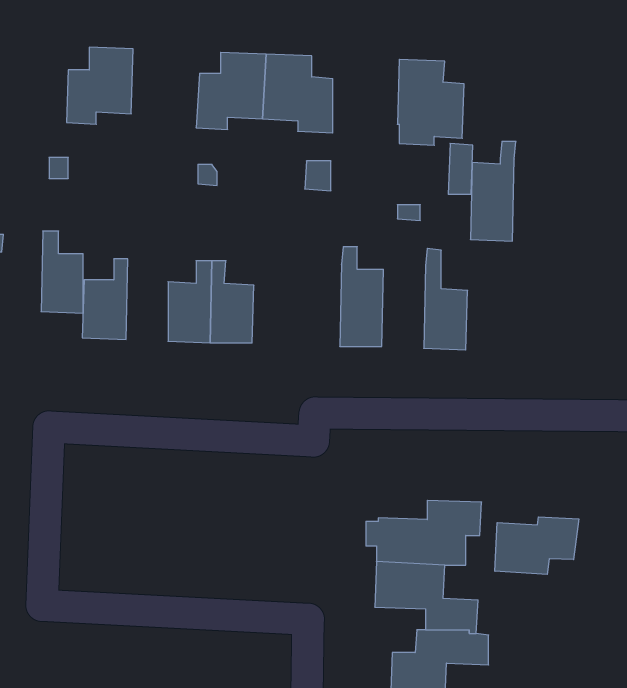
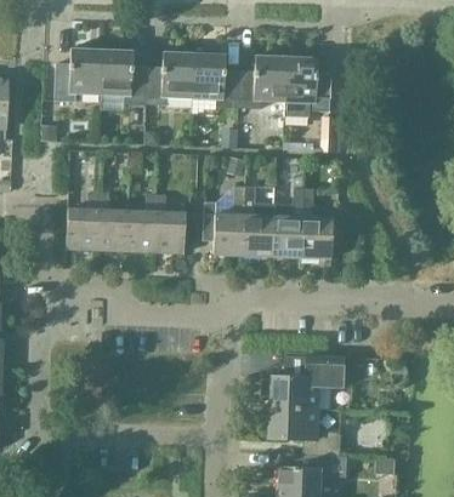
building: none -> [98,50,146,104]
building: none -> [238,56,284,109]
building: [470,141,516,241] -> [272,188,303,257]
building: [41,231,83,313] -> [95,195,124,252]
building: none -> [202,187,245,256]
building: [495,517,579,574] -> none

